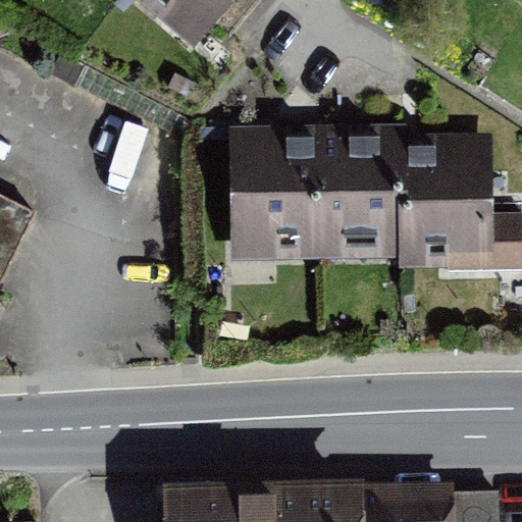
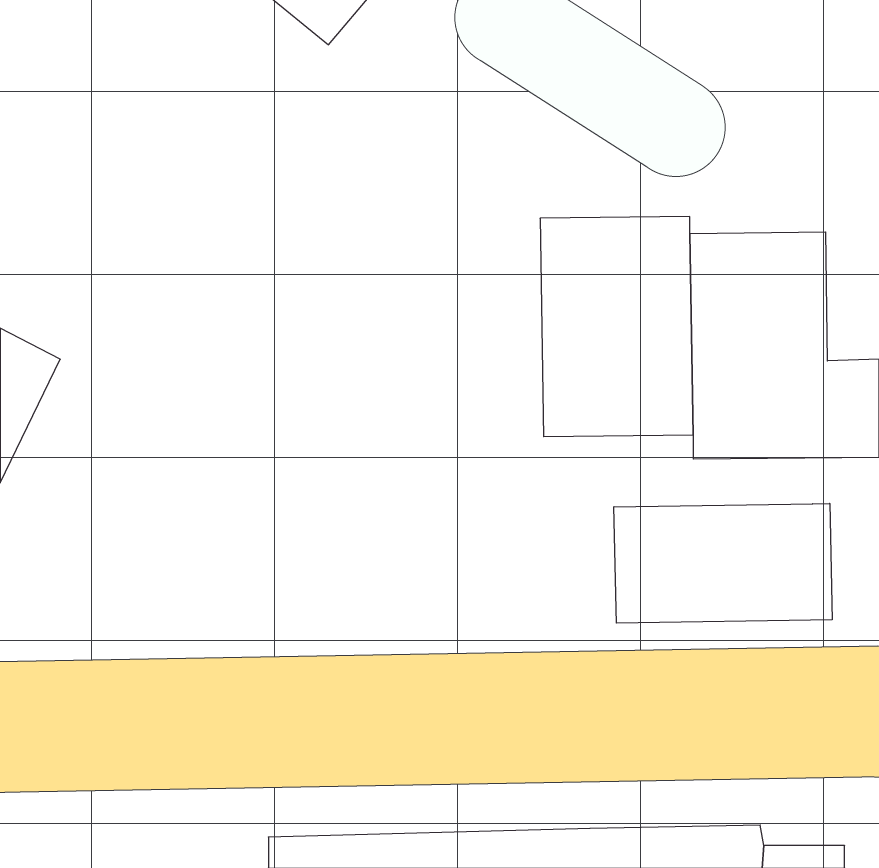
building: [229,129,322,260] -> none
building: none -> [614,503,832,623]

